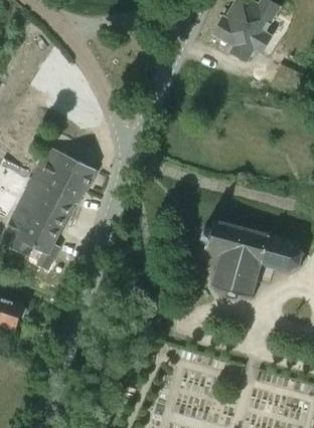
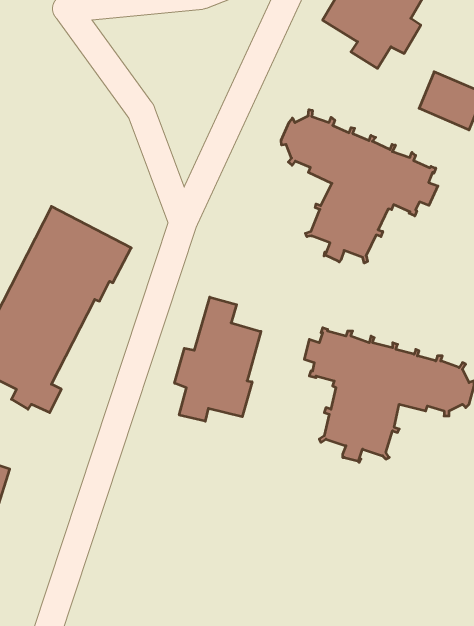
building: none -> [281,110,438,263]
building: none -> [175,297,261,421]

